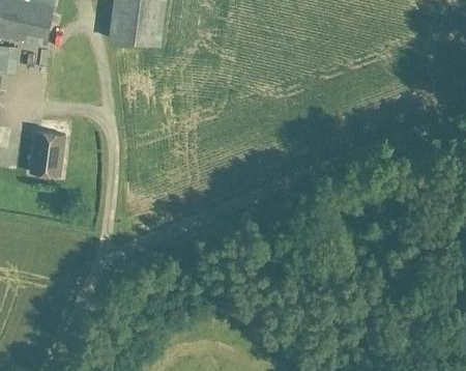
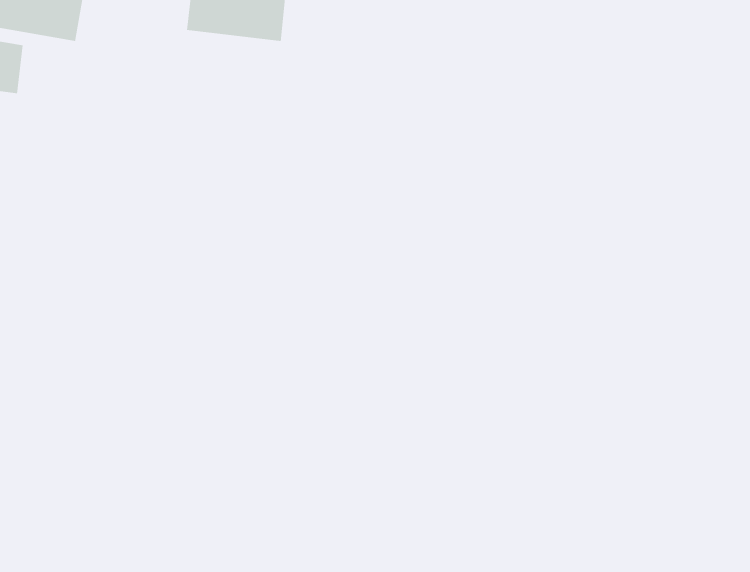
building: [29,131,63,175] -> none

